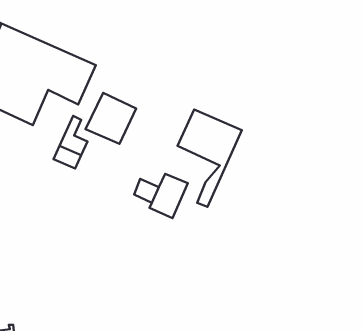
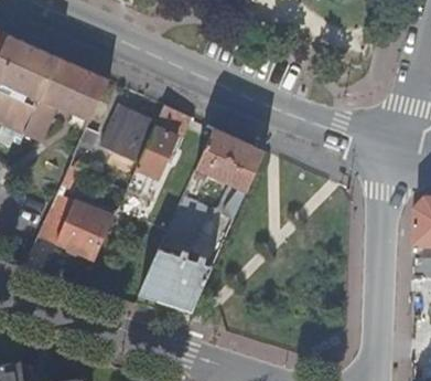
building: none -> [127,106,184,192]
building: none -> [40,193,112,257]
building: none -> [139,247,213,310]

